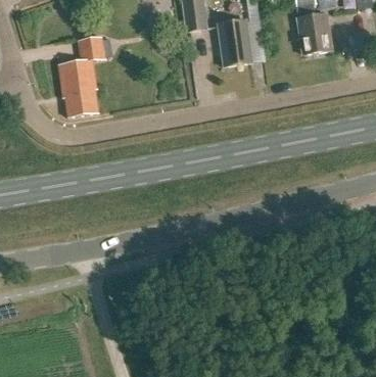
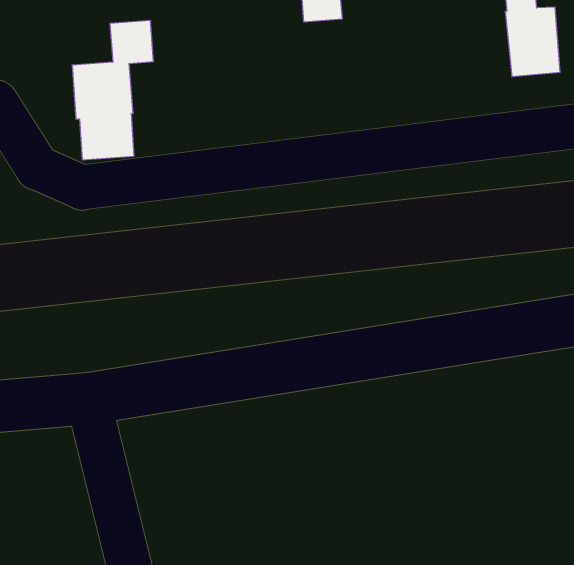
building: [219,18,252,64] -> none

